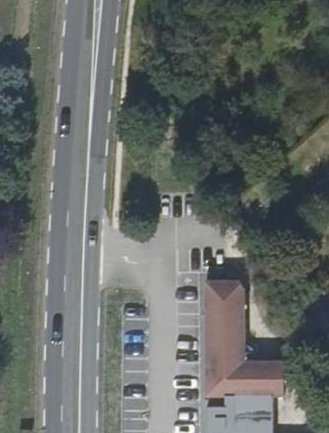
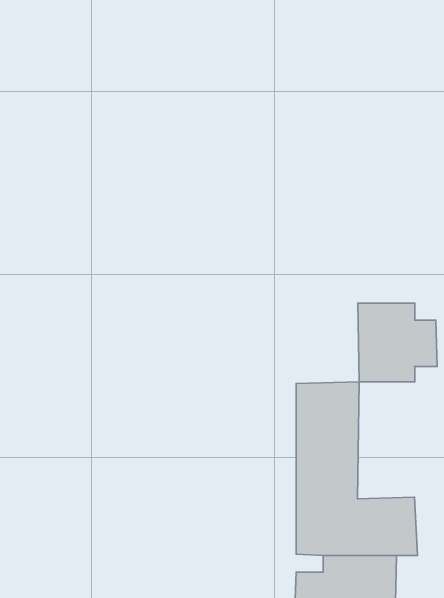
building: none -> [358,303,437,382]

